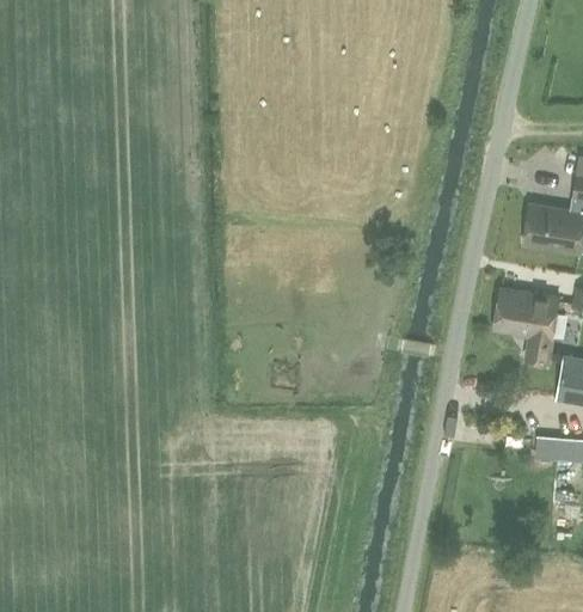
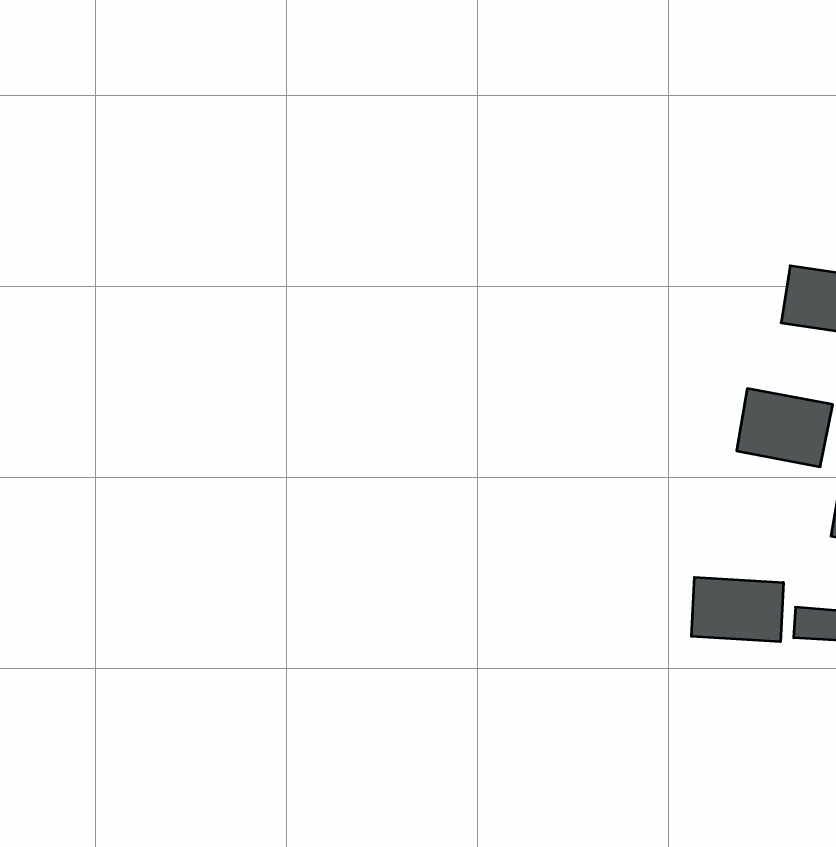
building: none -> [691,577,783,642]

